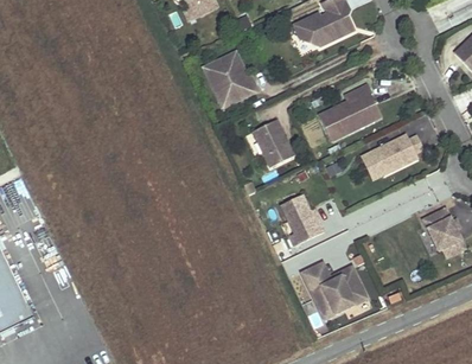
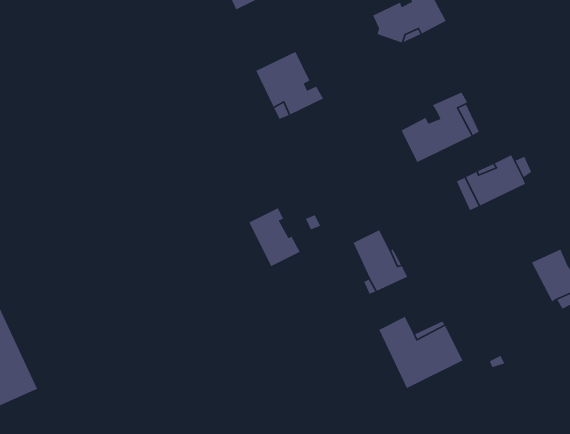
building: [253,119,294,166] -> [248,207,301,267]

